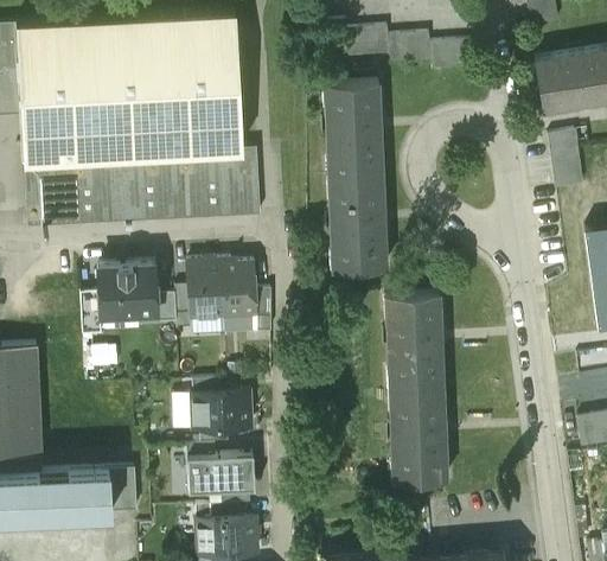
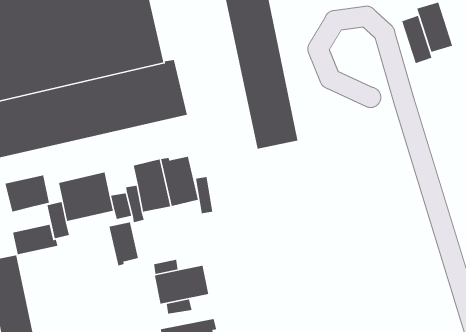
building: none -> [401,15,433,64]
building: none -> [5,174,50,213]
building: [386,293,448,483] -> none
building: none -> [12,224,59,255]
building: none -> [109,221,139,267]

